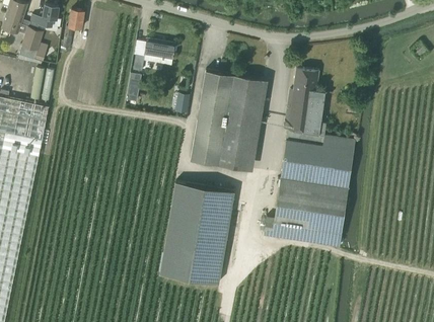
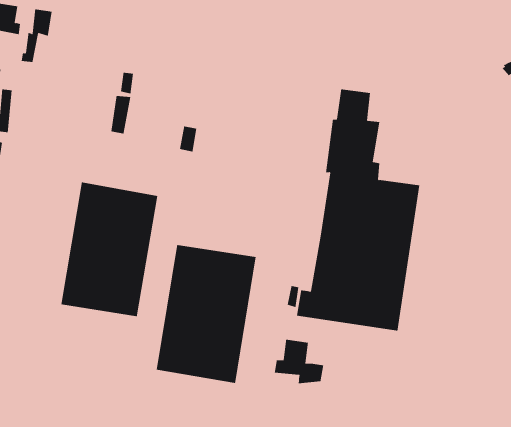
building: [144,39,175,60] -> none
building: [191,70,263,169] -> [61,182,158,317]
building: none -> [274,339,324,384]

